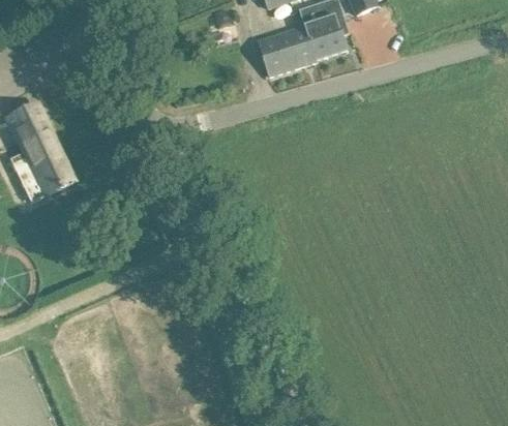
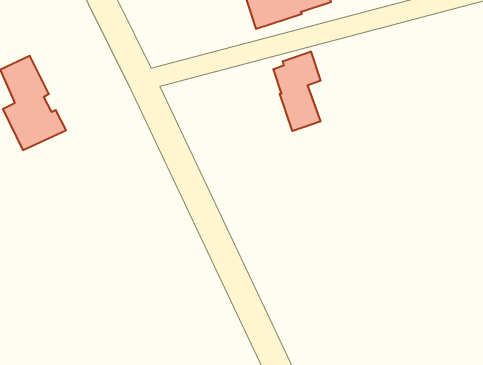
building: none -> [273,51,321,131]

